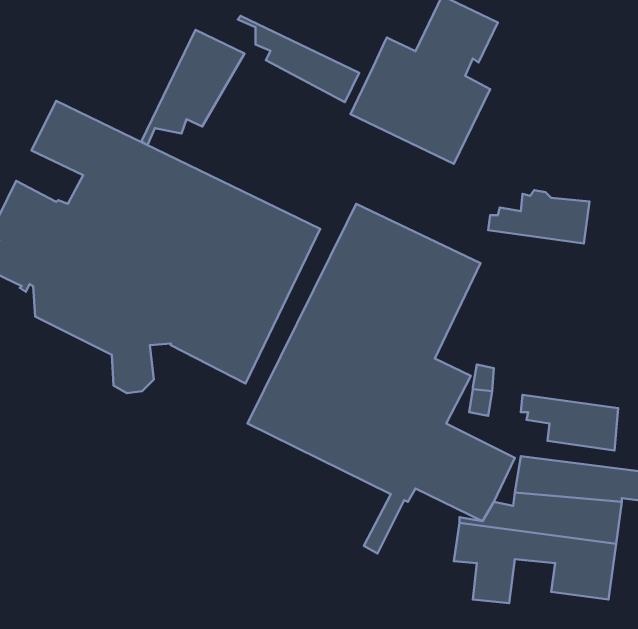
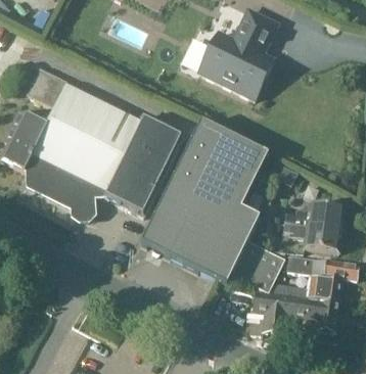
building: [238,16,359,102] -> none
building: [141,30,245,145] -> none
building: [488,190,590,244] -> [289,201,344,230]

